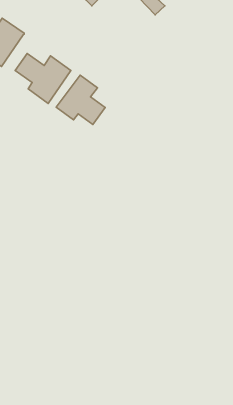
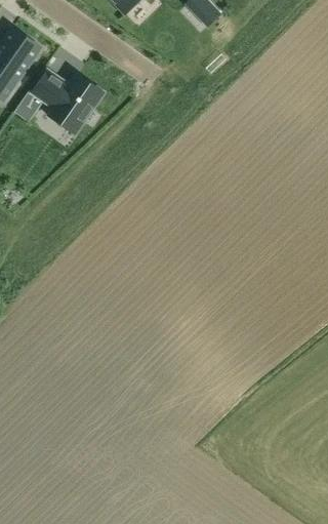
building: [56,75,105,124] -> none

